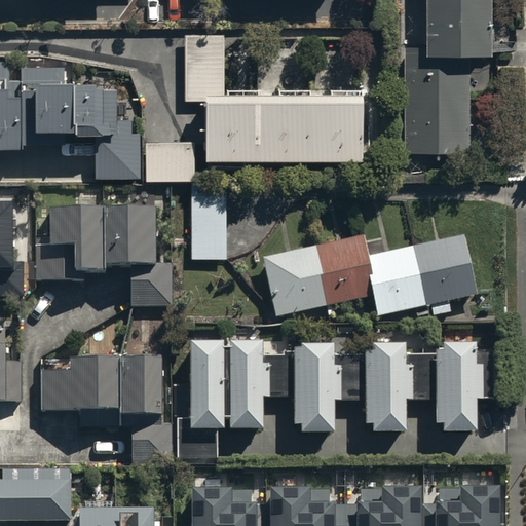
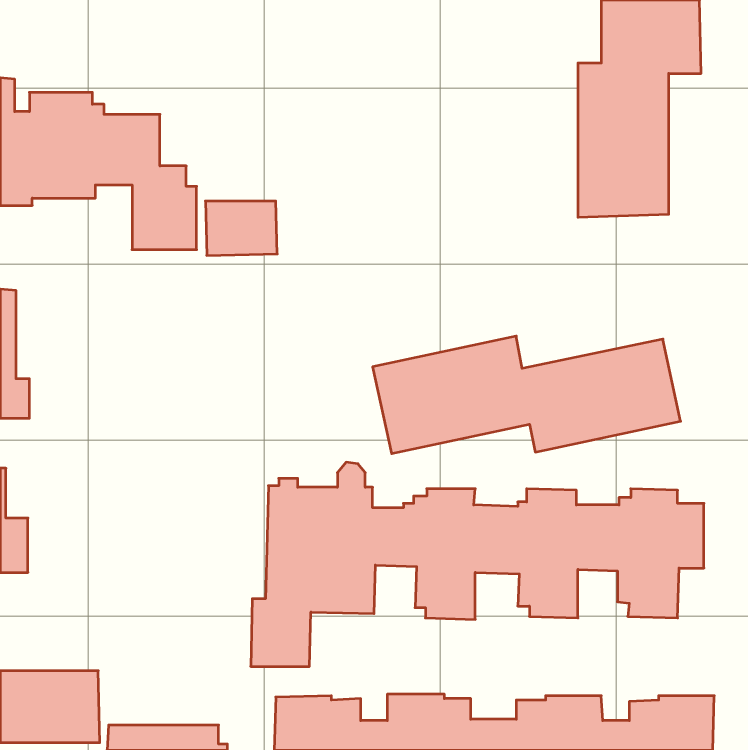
building: [184,31,362,158] -> none
building: [190,183,226,258] -> none
building: [37,206,172,305] -> none
building: [42,356,173,464] -> none

